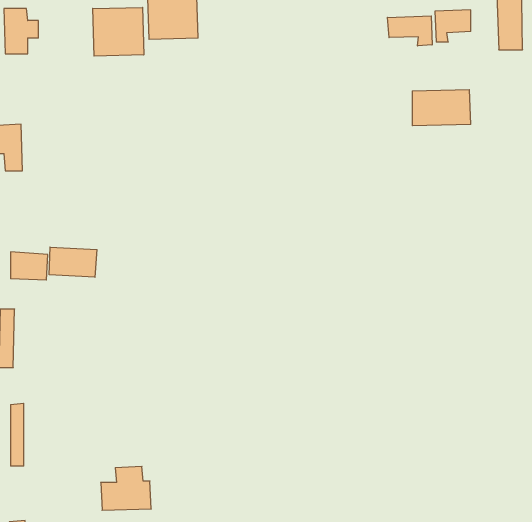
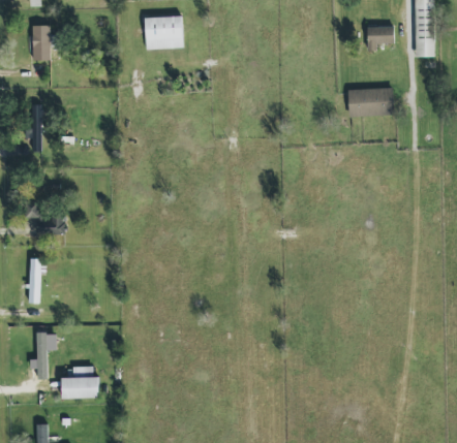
building: [93,7,144,56] -> none
building: [387,16,432,46] -> none
building: [49,247,97,277] -> none
building: [101,466,151,510] -> [61,366,100,400]

